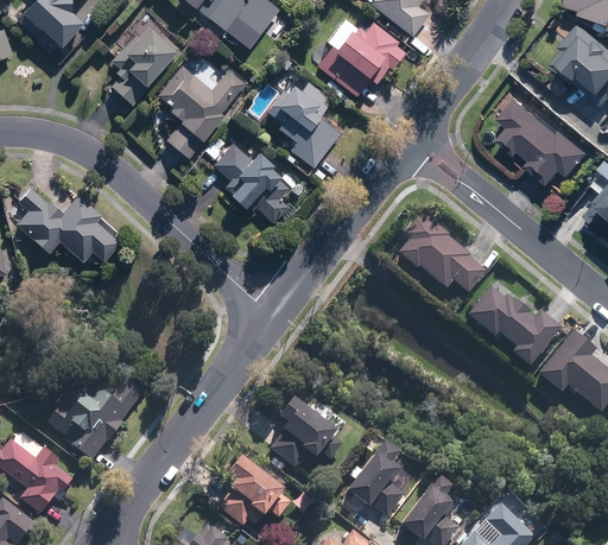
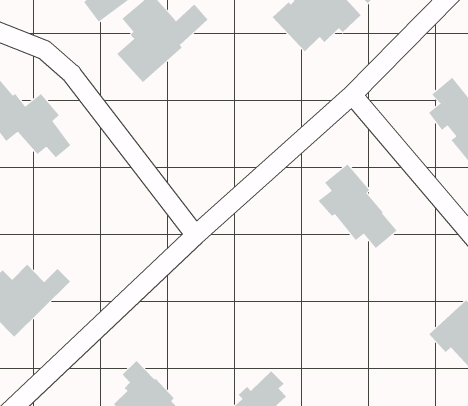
building: [266,80,340,169] -> none
building: [205,135,290,223] -> none
building: [464,287,559,368] -> none
building: [268,399,343,469] -> none

